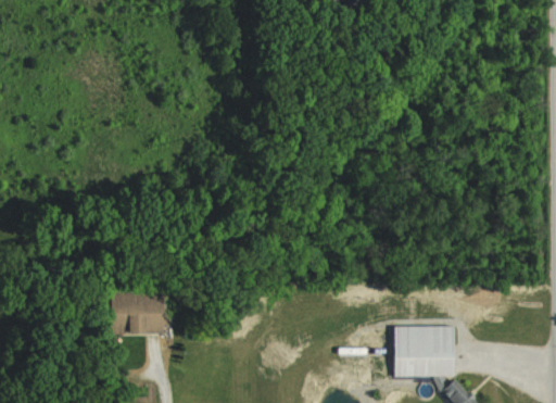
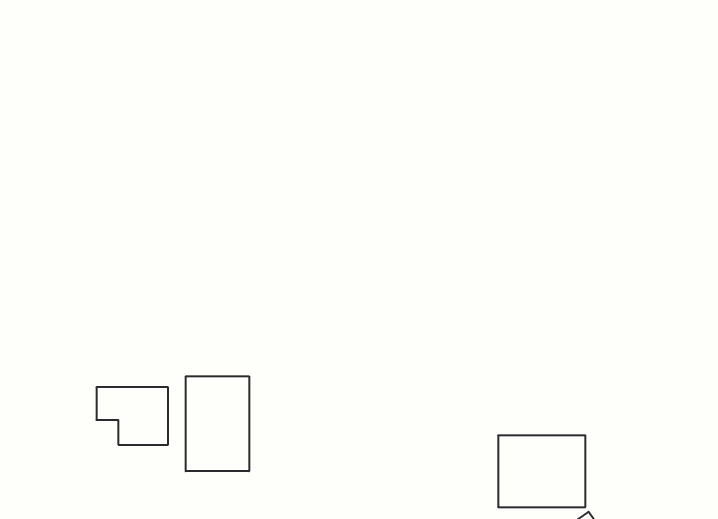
building: none -> [186,376,249,471]

